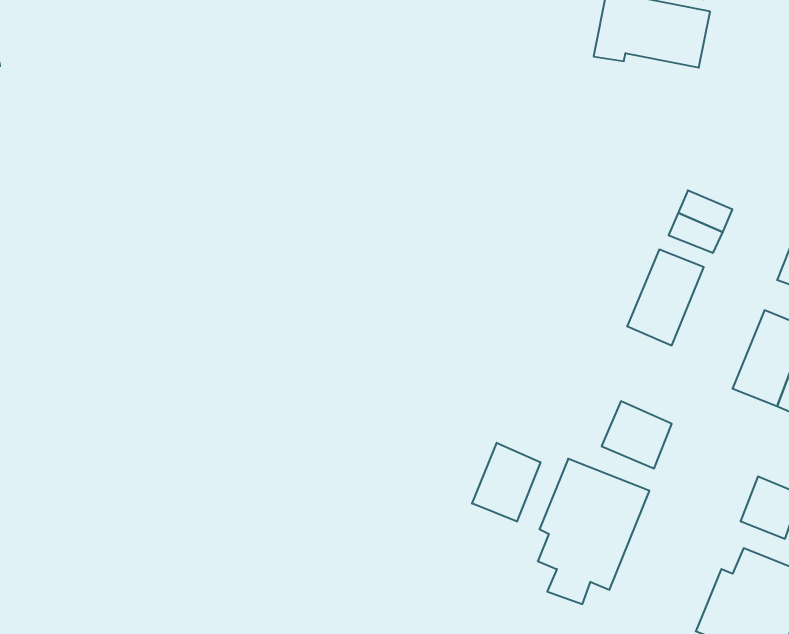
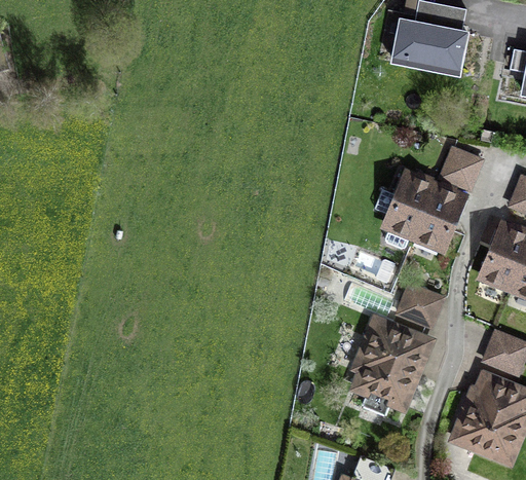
building: none -> [375,174,435,249]
building: [472,443,540,522] -> none

